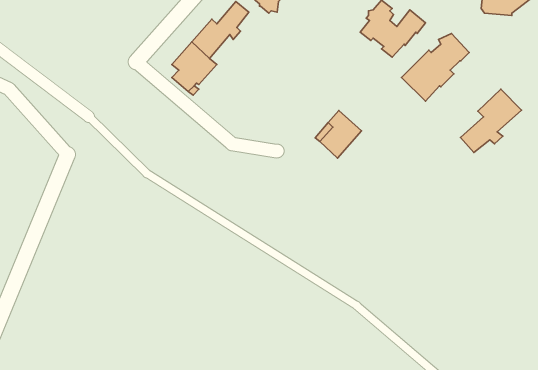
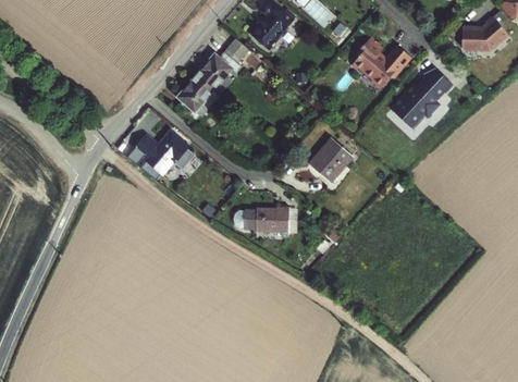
building: [460,89,522,153] -> none
building: none -> [134,130,189,174]
building: none -> [245,206,291,234]

